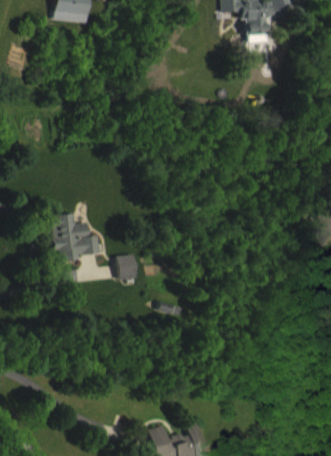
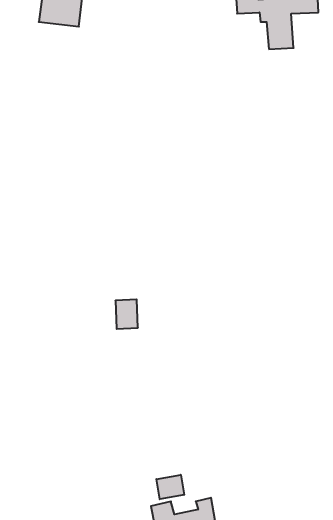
building: [49,213,100,261] -> none
building: none -> [156,475,184,499]

